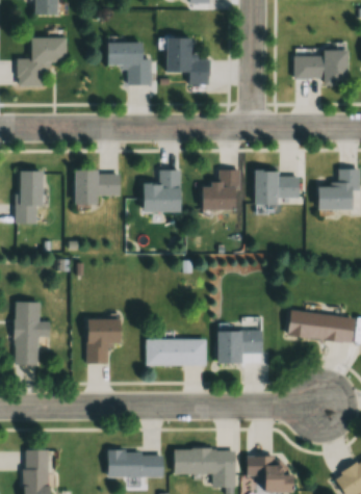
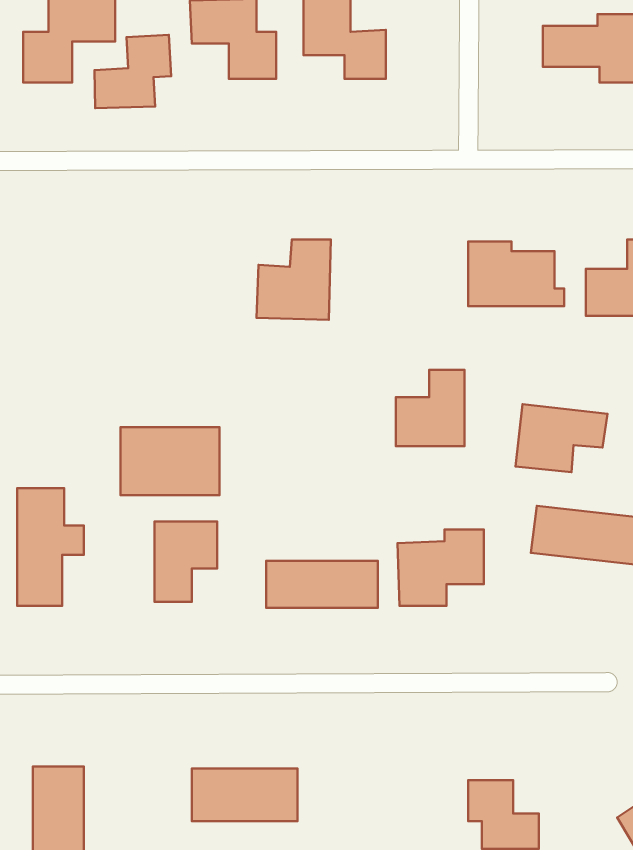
building: none -> [95,35,171,108]
building: [202,168,238,209] -> [396,370,464,446]
building: [17,170,42,224] -> none
building: [74,170,121,204] -> none
building: none -> [516,404,607,472]
building: none -> [120,427,220,495]
building: [174,448,235,487] -> none

